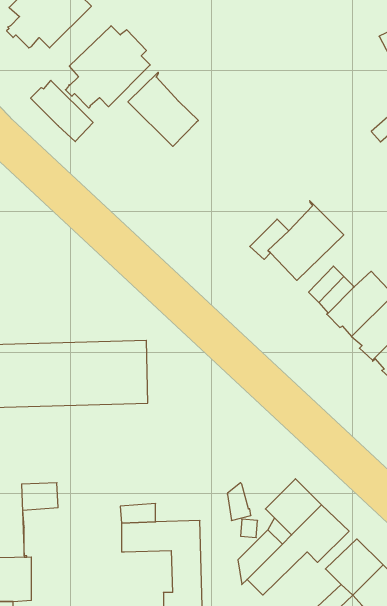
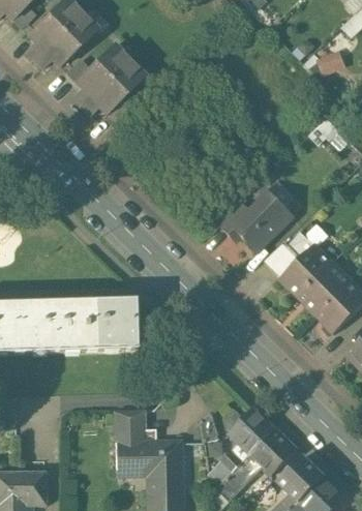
building: [128,72,198,146] -> none
building: [31,80,93,142] -> none
building: [22,483,58,557] -> [115,408,144,467]

